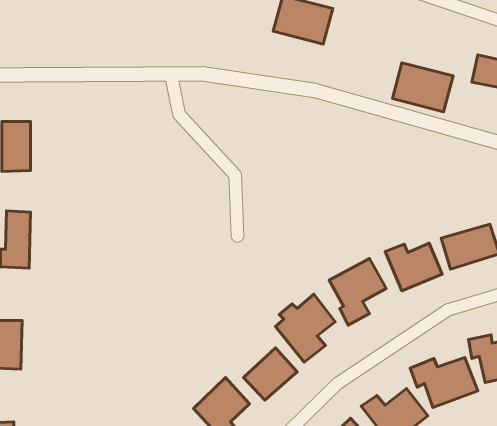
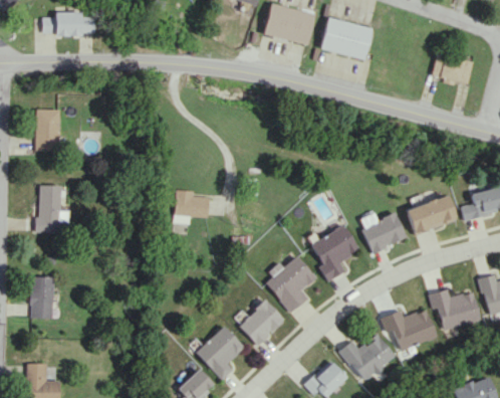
building: none -> [41,12,93,35]
building: [392,63,453,112] -> [321,18,372,59]
building: none -> [174,190,209,224]

